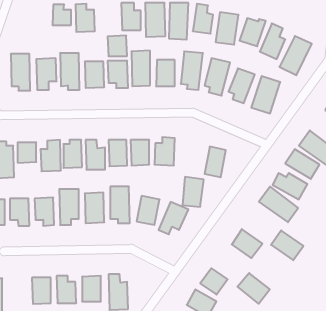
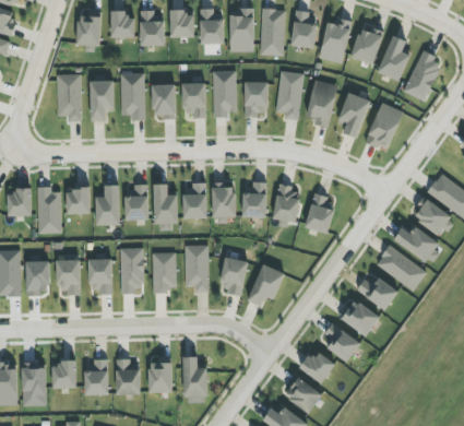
building: none -> [76,15,99,51]
building: [108,36,127,56] -> [169,11,194,37]
building: [182,177,204,207] -> [273,186,300,224]
building: [271,230,303,260] -> [356,272,397,310]
building: [237,273,270,304] -> [319,323,360,363]
building: none -> [51,362,76,388]

